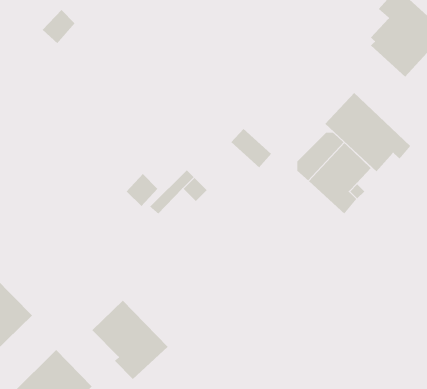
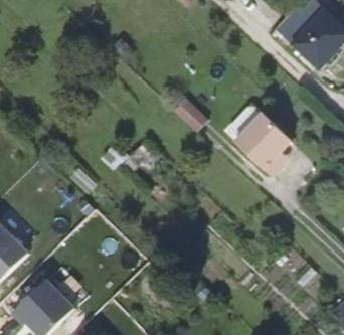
building: [325,92,411,172] -> none
building: [92,300,169,380] -> none

